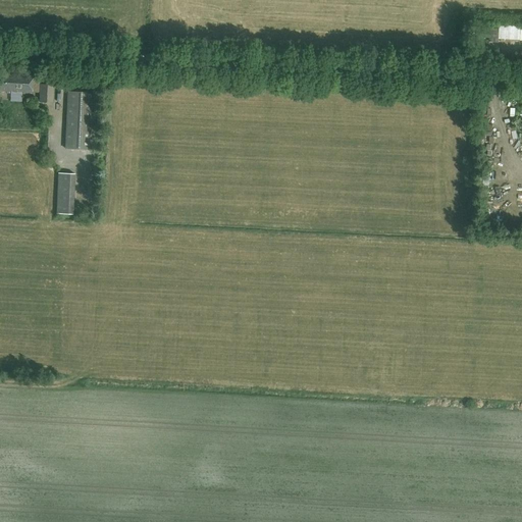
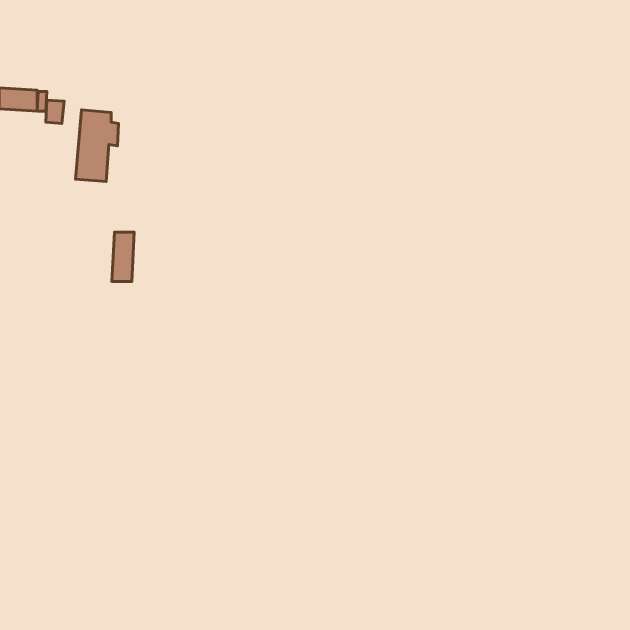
building: [55,172,73,213] -> [112,232,134,282]

